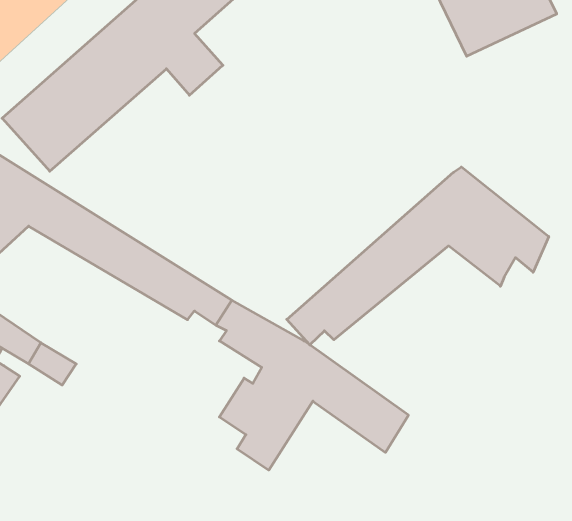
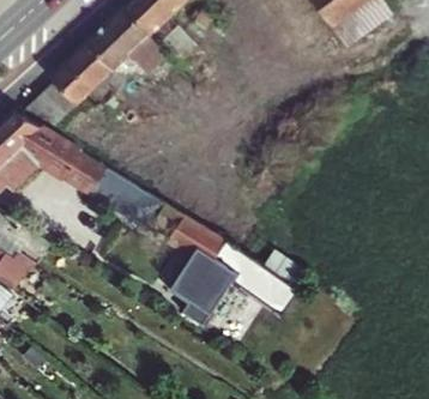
building: [287,167,549,345] -> none

